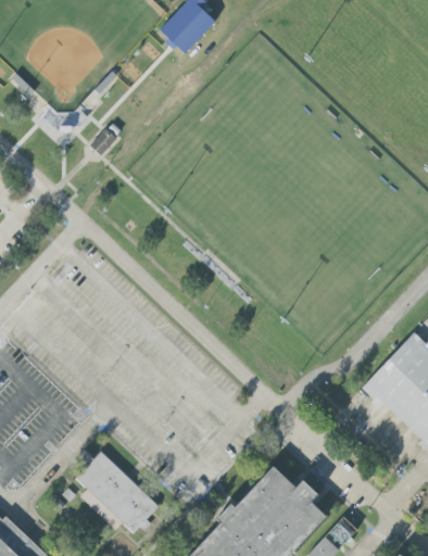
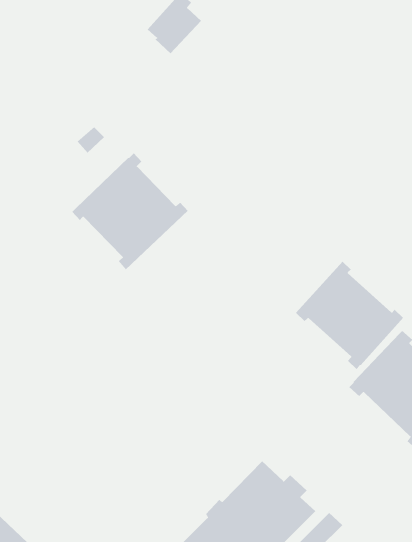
building: none -> [71,152,188,270]
building: none -> [295,261,404,370]
building: [76,452,159,533] -> none

